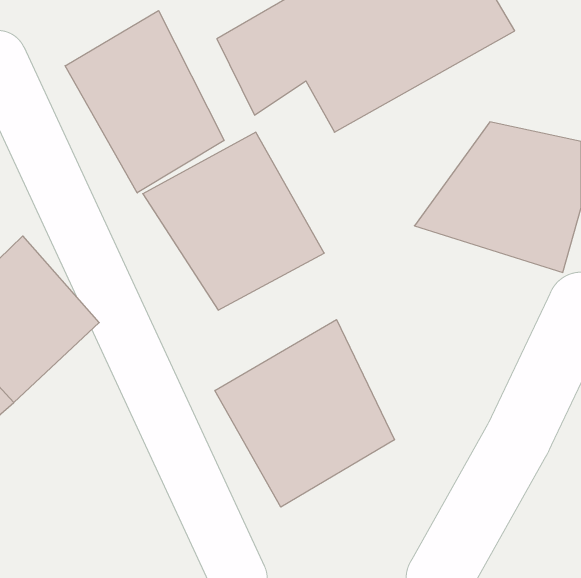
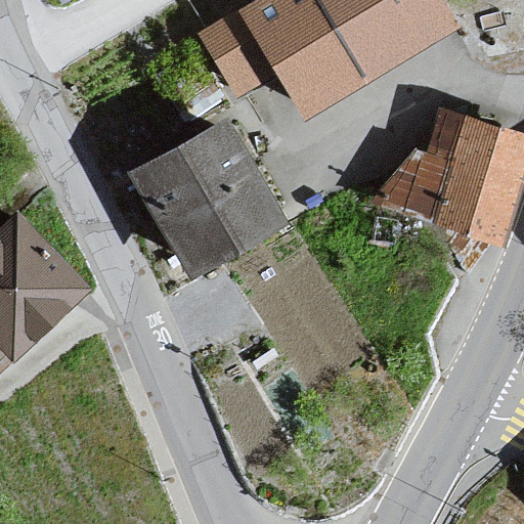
building: [65,11,224,193] -> none
building: [215,320,394,507] -> none

